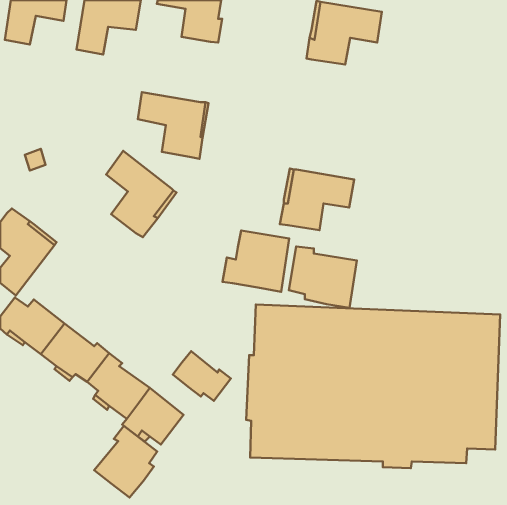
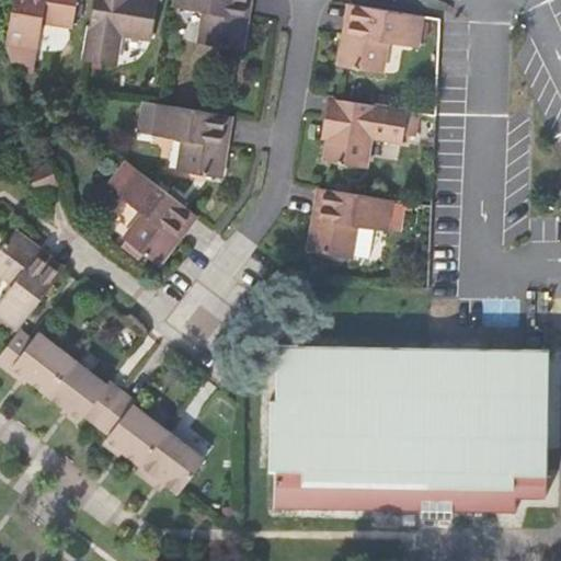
building: none -> [322,98,405,168]
building: [222,231,289,292] -> none
building: [289,246,357,308] -> none
building: [173,351,231,401] -> none
building: [94,426,157,498] -> none

